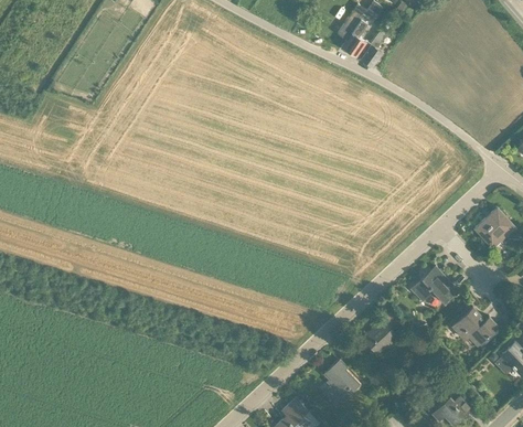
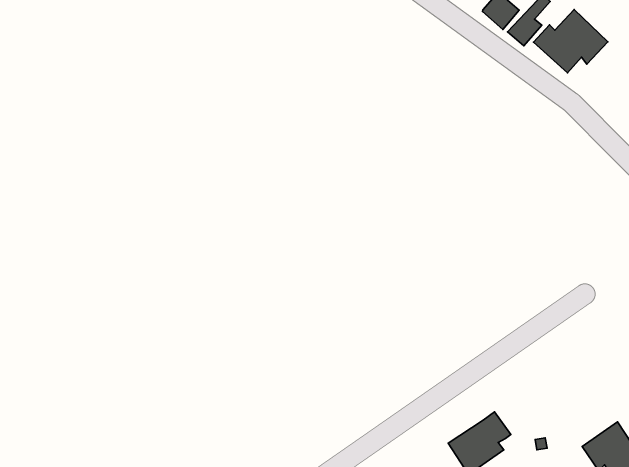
building: none -> [534,9,608,73]
building: [410,267,457,303] -> none

